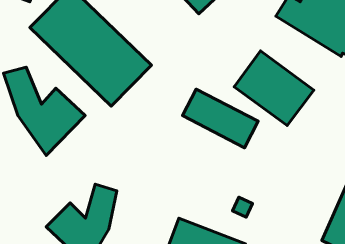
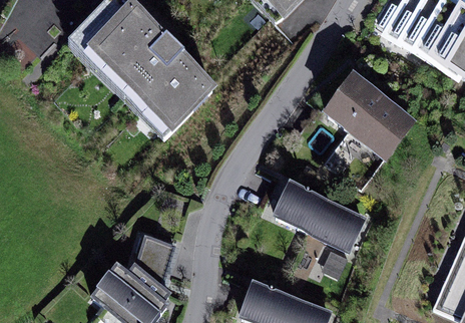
building: [4,67,85,156] -> none
building: [182,89,258,148] -> [275,182,369,255]

